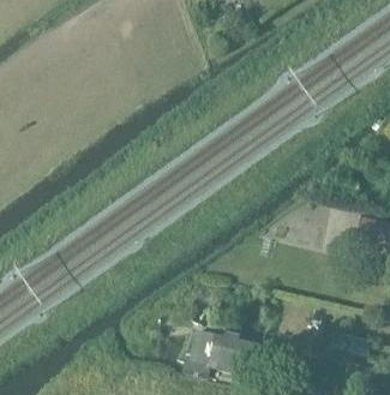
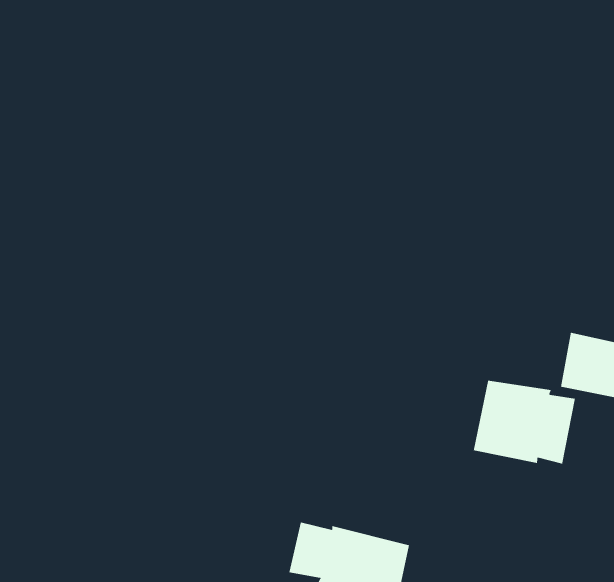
building: none -> [473,380,575,464]

